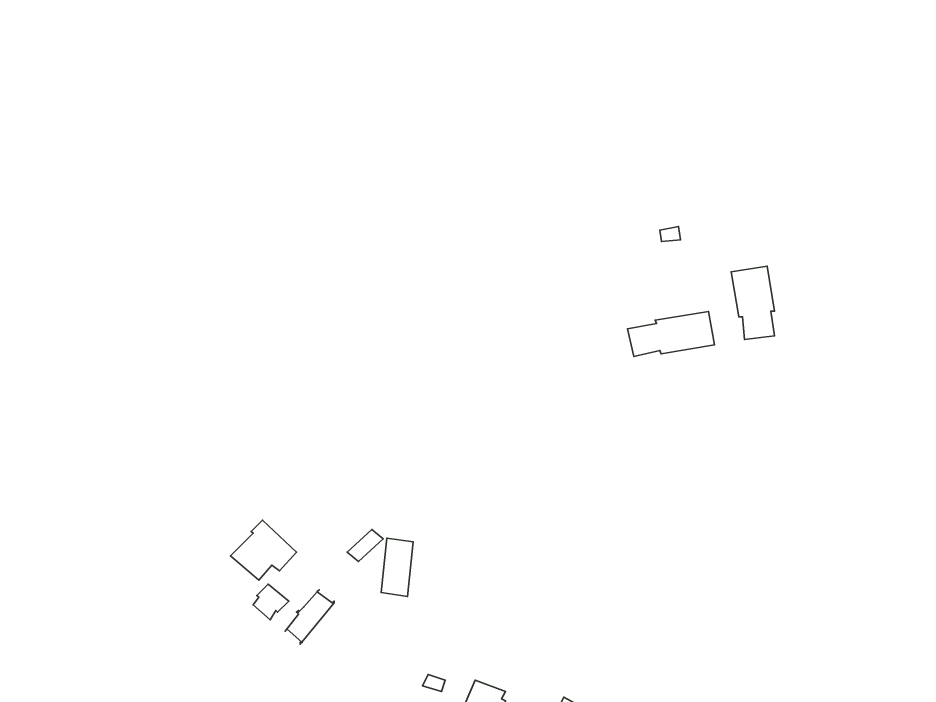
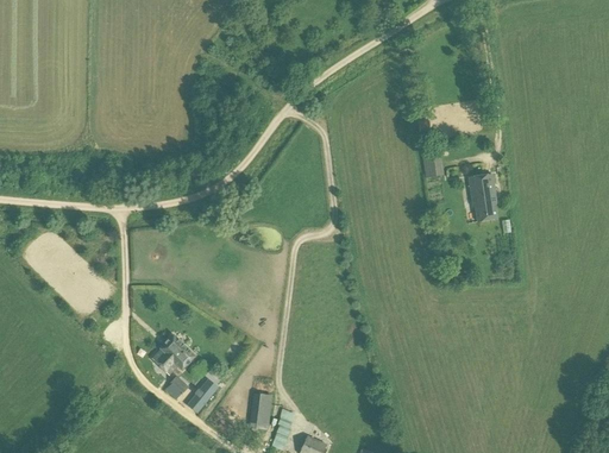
building: [628,311,714,356] -> none
building: [381,538,413,596] -> [251,392,271,429]

